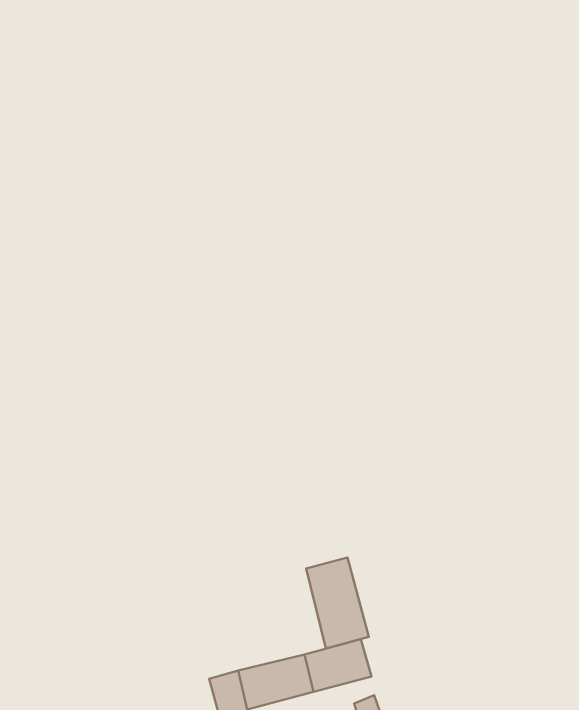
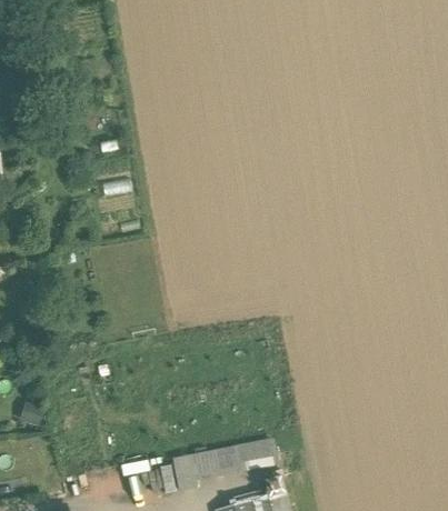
building: [306,557,369,649] -> none

